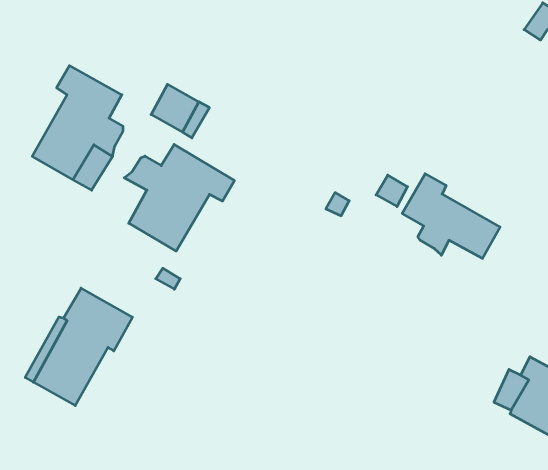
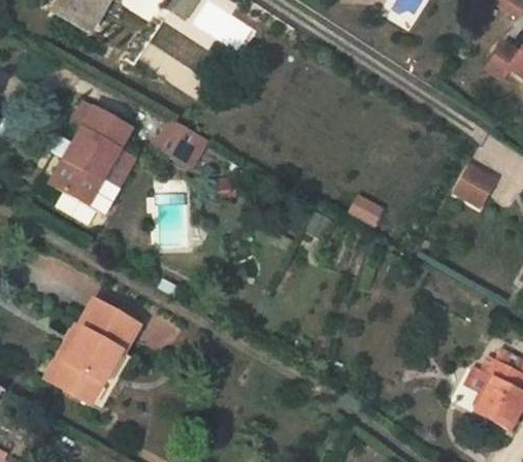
building: none -> [452,163,494,205]
building: [124,144,234,251] -> none
building: [402,174,500,258] -> none

